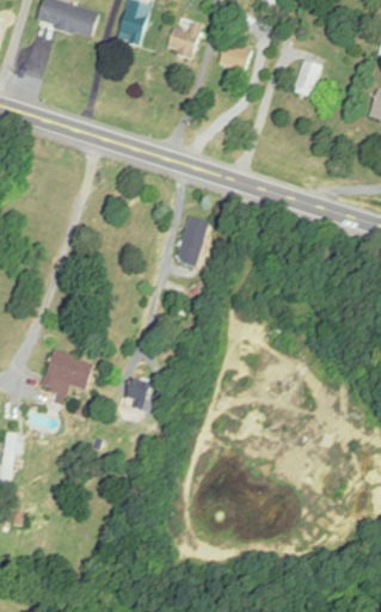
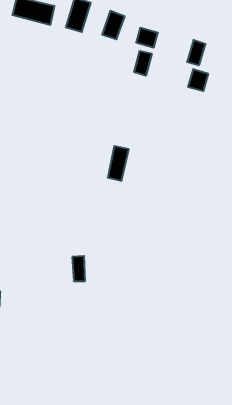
building: none -> [134,51,152,76]
building: none -> [188,69,208,91]
building: [41,350,92,397] -> none

